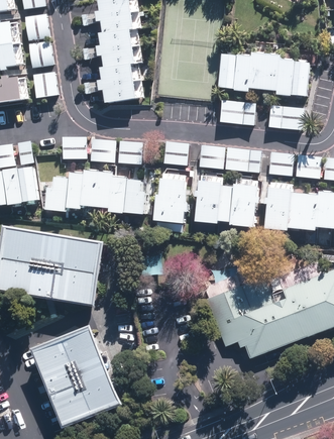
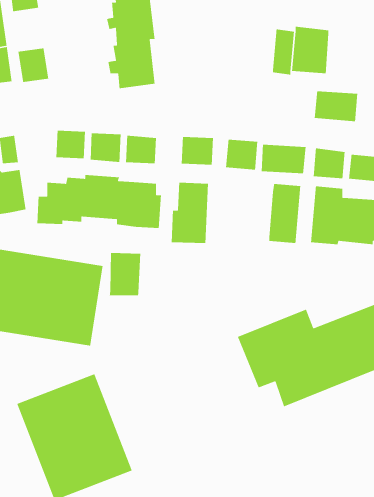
building: [27,39,52,69] -> none
building: [219,54,237,89] -> none
building: [276,60,310,98] -> none
building: [219,100,255,124] -> none
building: [196,175,234,224] -> none
building: none -> [109,252,141,296]

